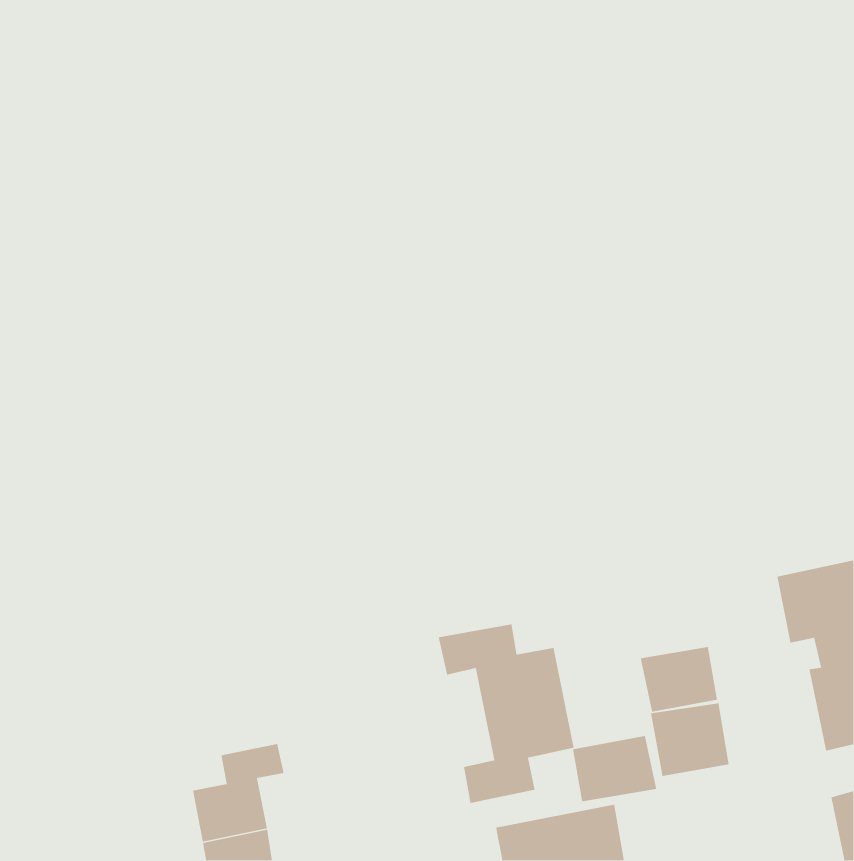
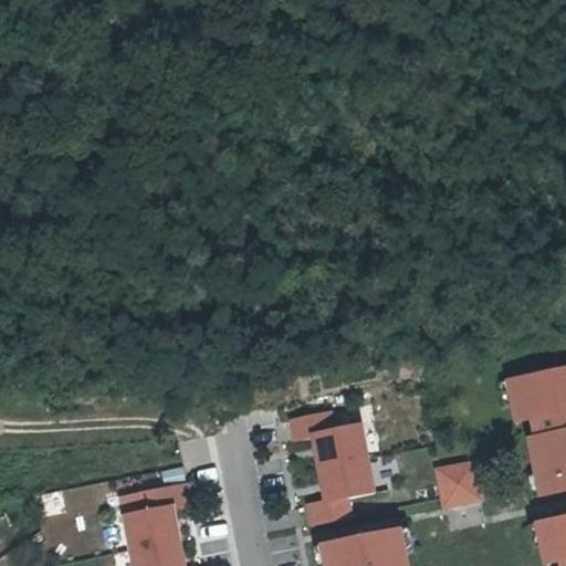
building: [640,646,718,713] -> none
building: [572,735,657,802] -> none

